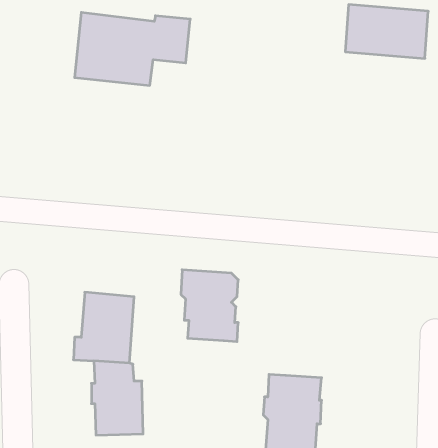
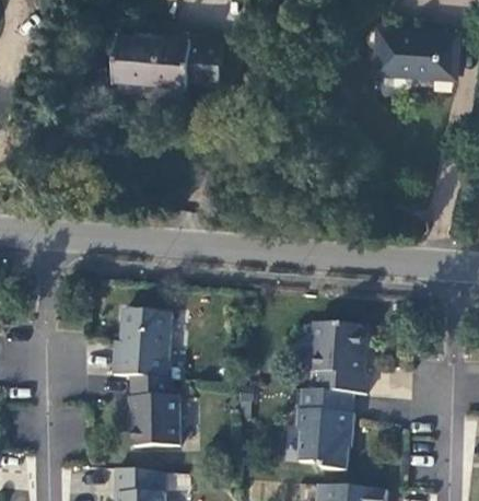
building: [181,270,238,342] -> [311,322,366,392]

